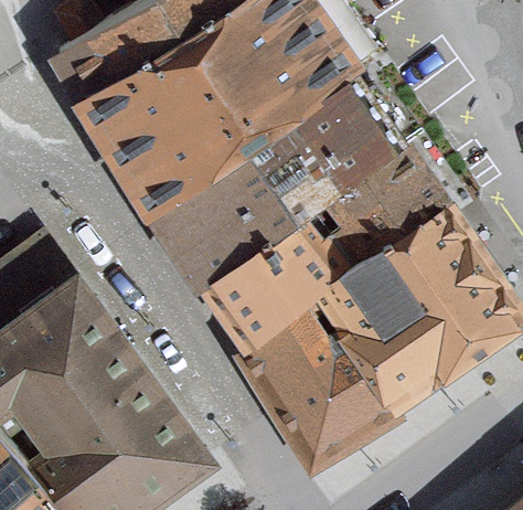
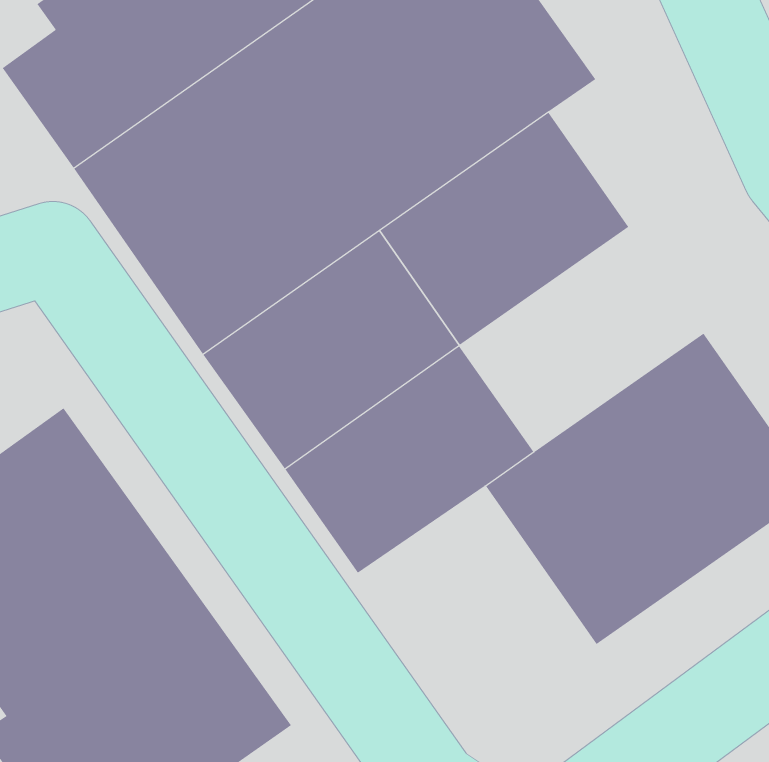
building: [316,164,463,300] -> none
building: [254,321,398,470] -> none

